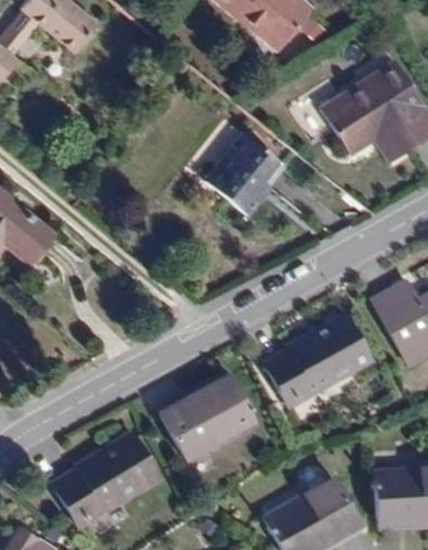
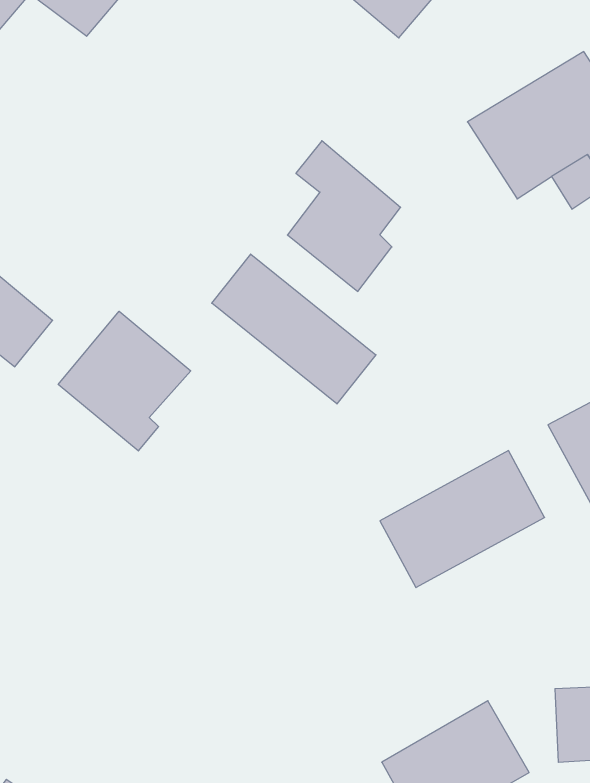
building: none -> [212,254,376,404]
building: none -> [58,311,191,451]
building: [160,382,256,461] -> none
building: [54,436,160,526] -> none

